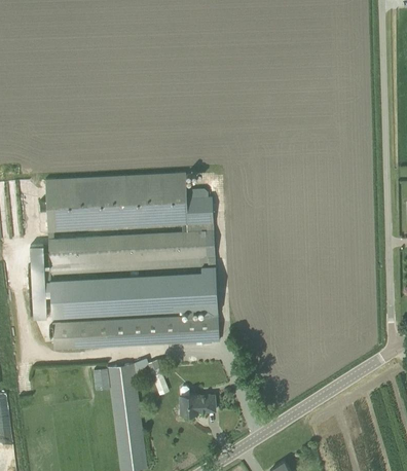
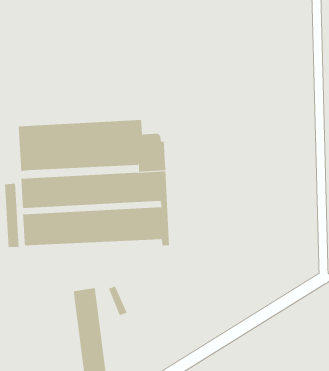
building: [51,317,219,350] -> none
building: [179,387,214,415] -> none

